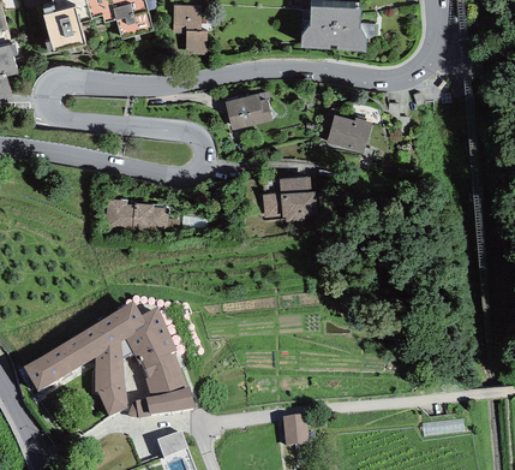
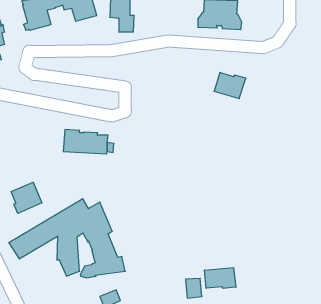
building: [224,94,271,130] -> none
building: [262,175,317,220] -> none
building: none -> [11,182,42,213]
building: none -> [204,268,236,288]

